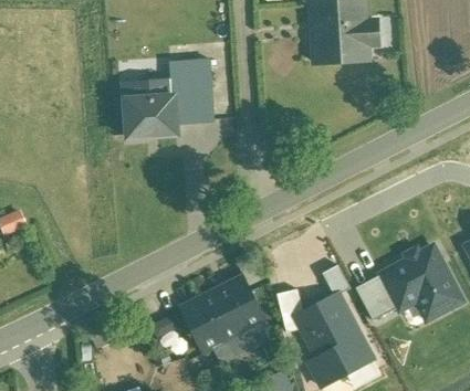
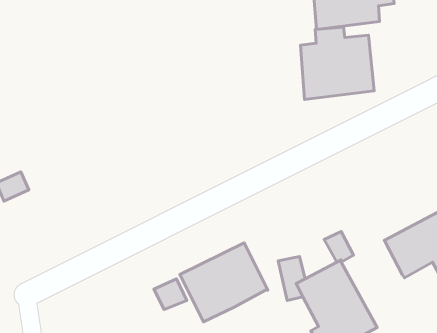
building: [122,57,213,135] -> none
building: none -> [300,27,374,99]
building: [356,275,398,320] -> none
building: [233,323,273,355] -> none

